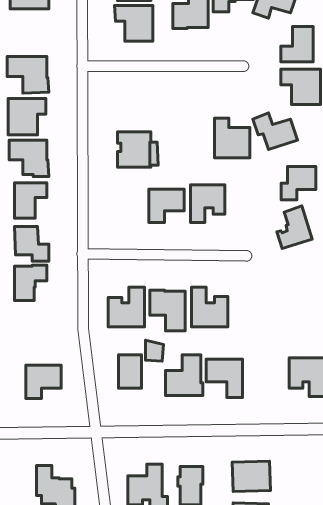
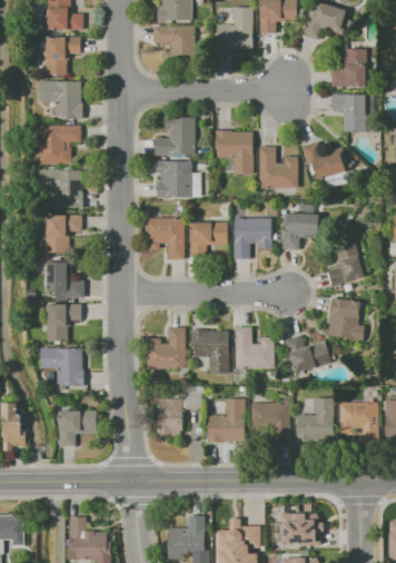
building: none -> [44,37,79,75]
building: none -> [154,117,195,155]
building: none -> [215,130,253,174]
building: [281,167,316,200] -> [281,213,318,248]
building: none -> [146,217,184,259]
building: none -> [327,297,364,339]
building: none -> [284,334,330,372]
building: none -> [40,346,83,385]
building: none -> [296,397,333,441]

